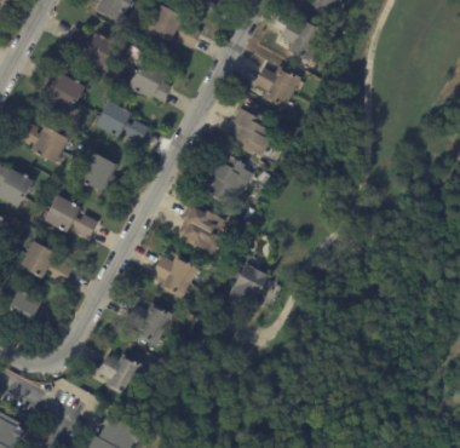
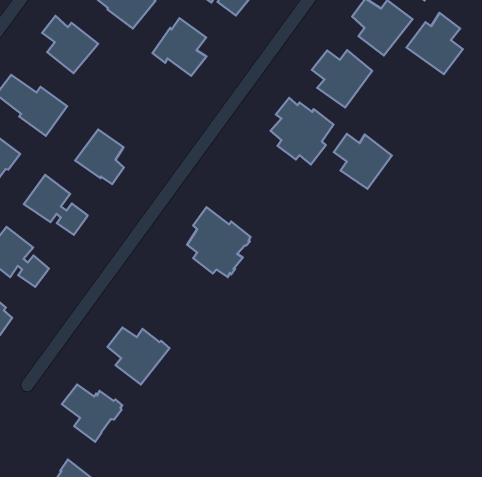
building: none -> [407,13,463,74]
building: [96,99,145,143] -> none
building: none -> [334,134,392,189]
building: [196,149,252,206] -> none
building: [151,252,199,299] -> none
building: [214,263,269,308] -> none

